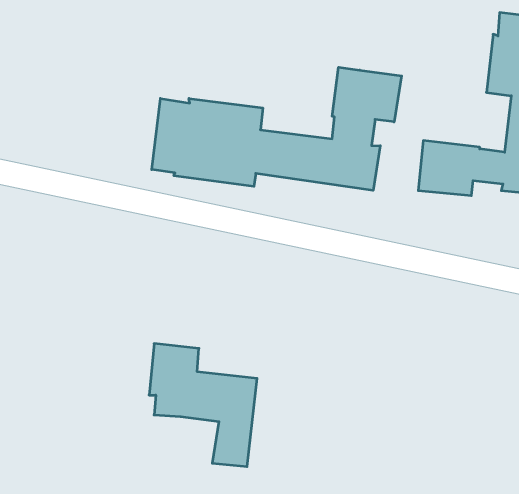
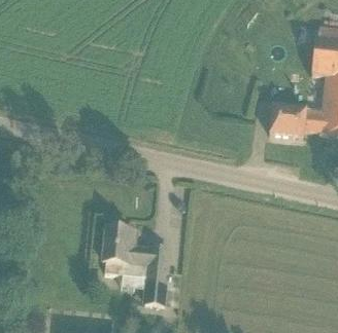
building: [152,67,402,190] -> none

